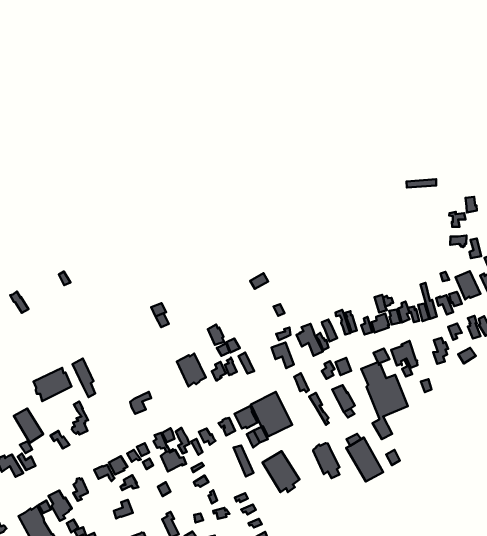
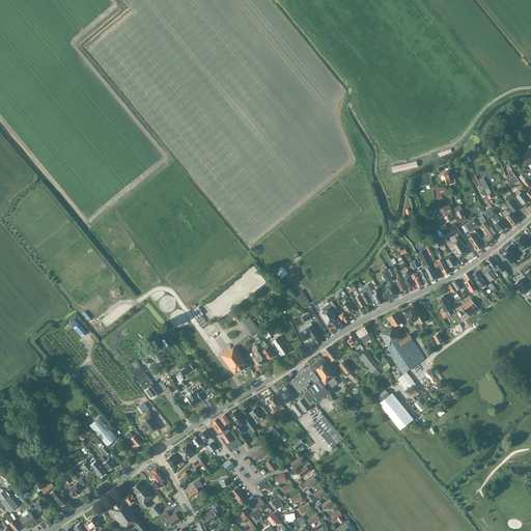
building: [33,368,71,401] -> none
building: [313,443,340,478] -> [312,358,338,387]

